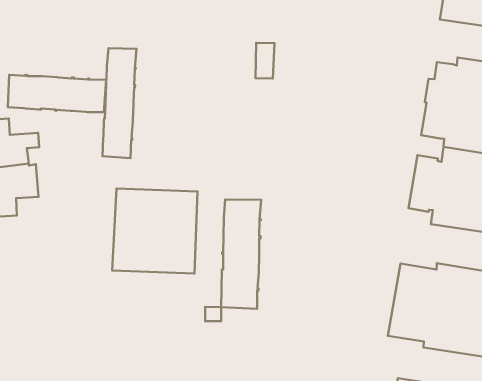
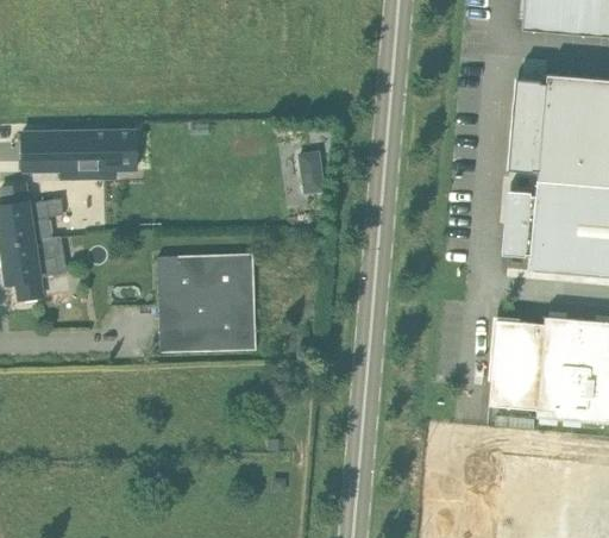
building: [256,43,275,79] -> [297,150,320,193]
building: [103,48,136,158] -> none
building: [221,199,261,309] -> none

